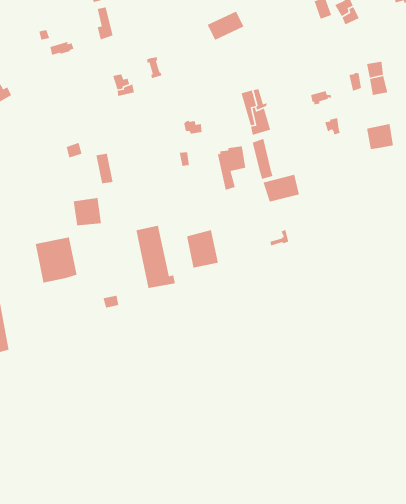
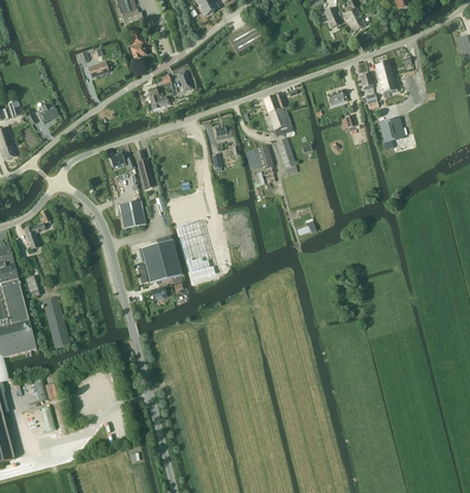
building: [262,174,300,202] -> none
building: [186,229,219,269] -> none
building: [35,236,78,284] -> [140,239,180,283]

